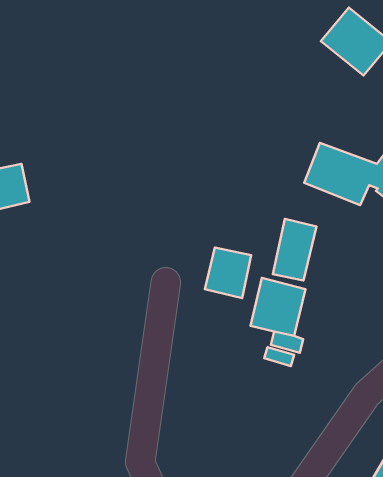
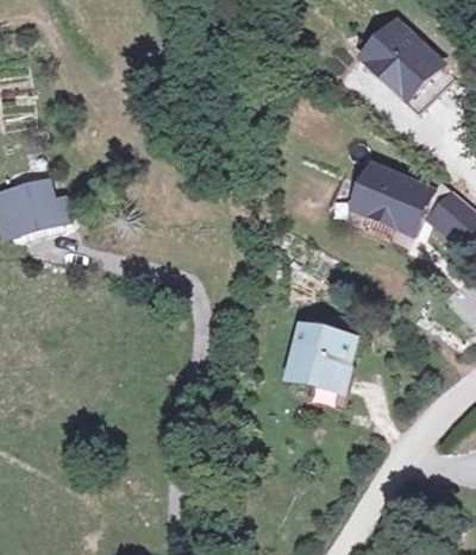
building: [273,219,316,280] -> none
building: [205,247,251,298] -> none

